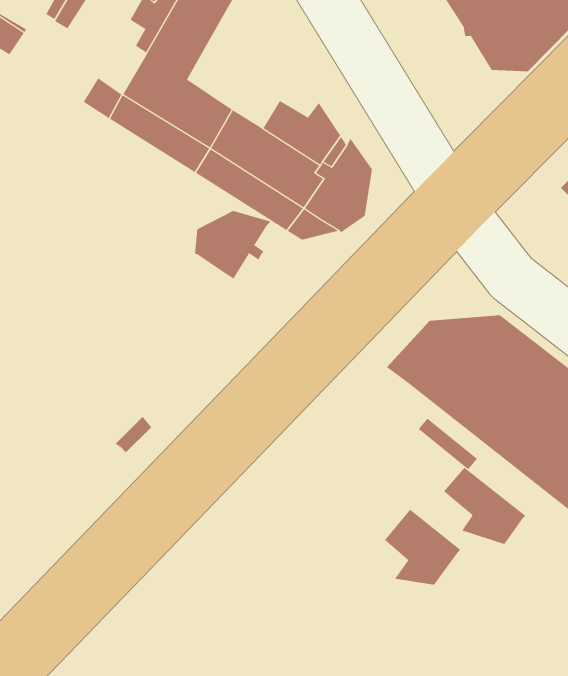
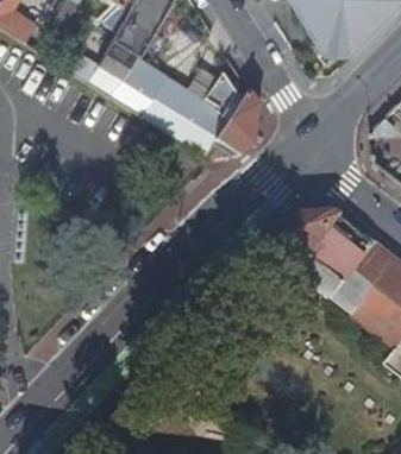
building: [194,210,272,279] -> none
building: [443,467,526,545] -> none
building: [384,509,461,585] -> none

